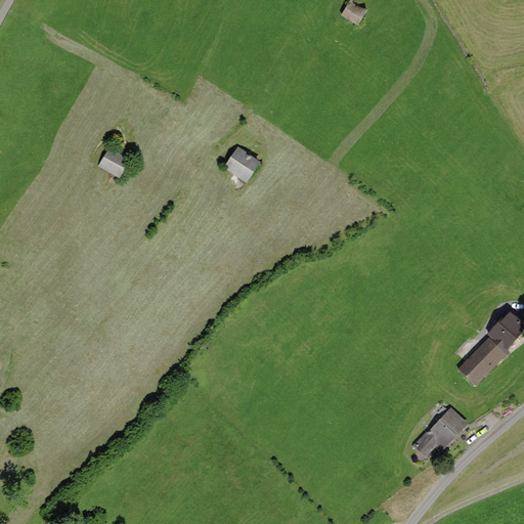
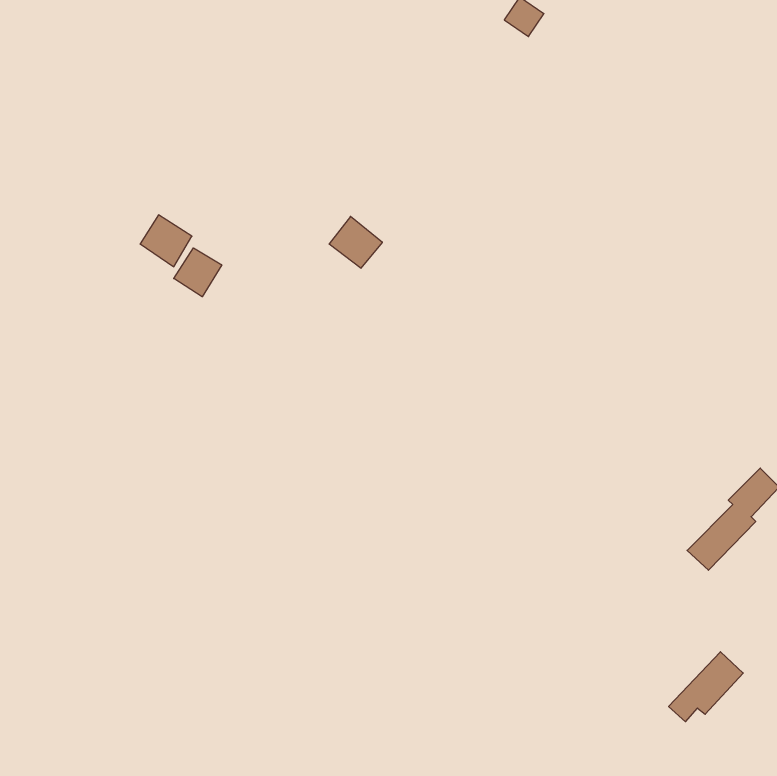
building: none -> [174,248,222,297]
building: [416,407,466,454] -> [669,652,743,722]

